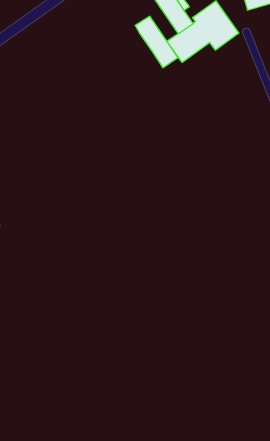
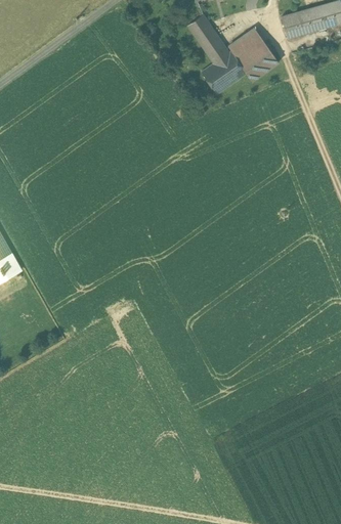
building: [135,16,178,68] -> none

